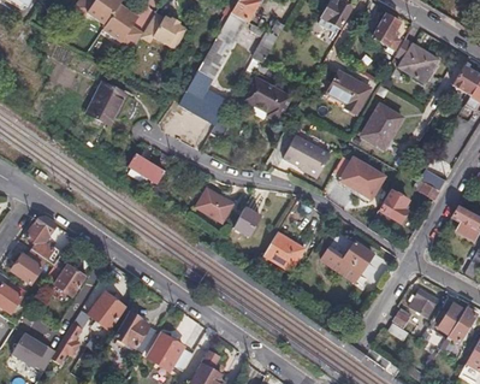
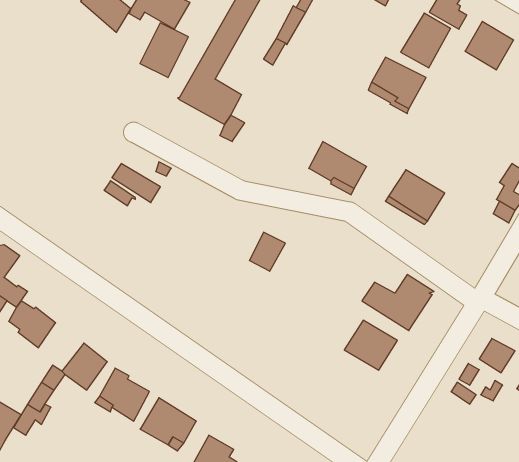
building: [242,77,290,119] -> none
building: [88,81,125,123] -> [140,23,188,78]
building: [362,104,401,146] -> [401,13,451,68]
building: [197,188,233,220] -> none
building: [378,189,408,221] -> none
building: [263,231,304,270] -> [344,320,397,370]

